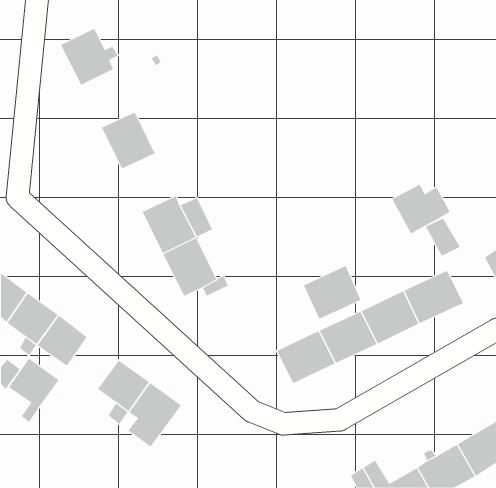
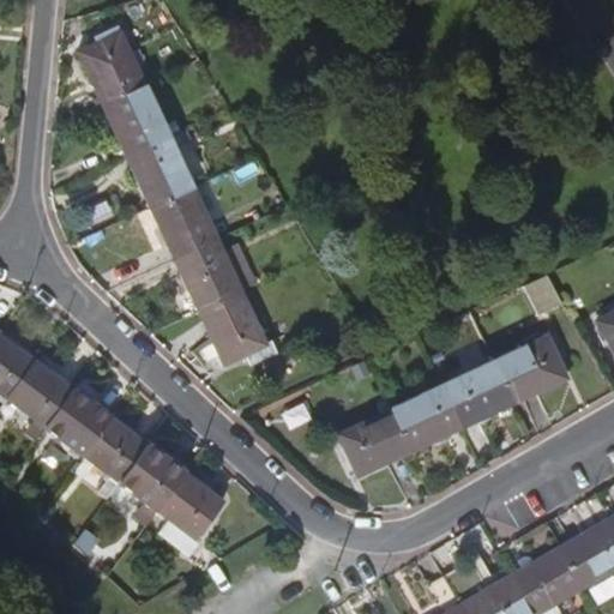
building: none -> [101,85,168,157]
building: none -> [151,189,218,261]
building: [392,184,450,234] -> none
building: [303,265,361,319] -> none
building: [8,358,60,423] -> [84,416,148,496]

